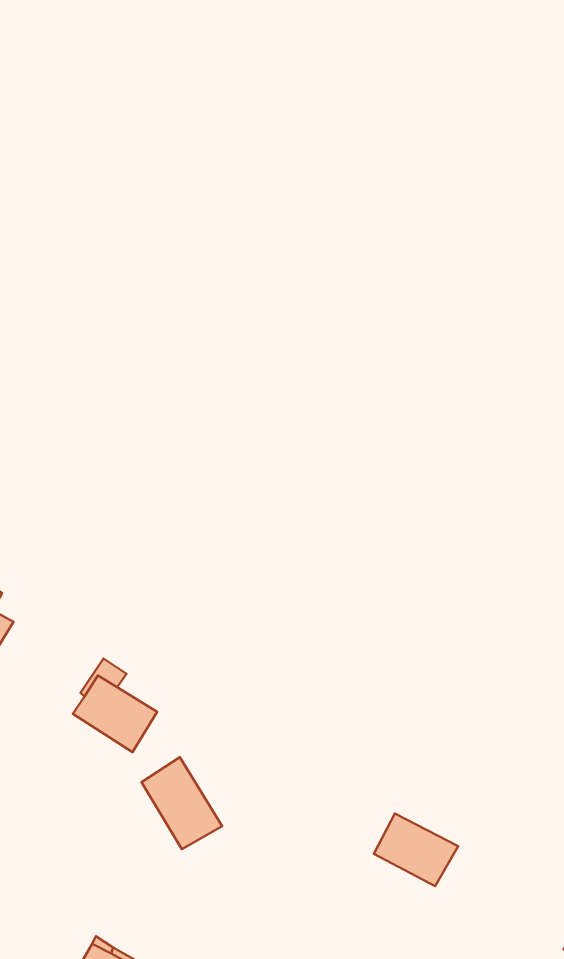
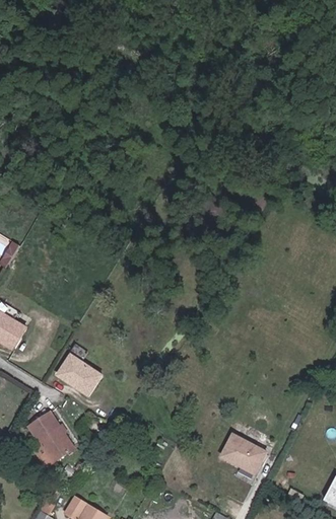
building: [142,757,222,849] -> [31,418,74,466]

